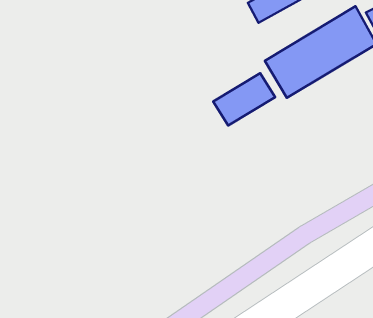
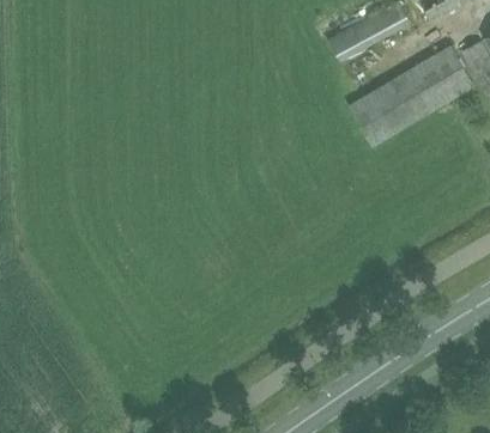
building: [213,73,275,126] -> none

